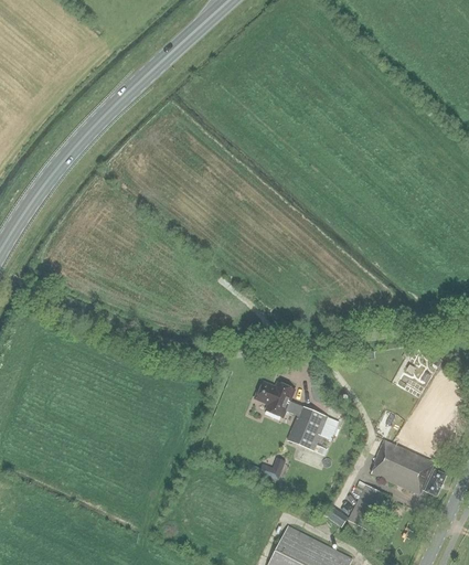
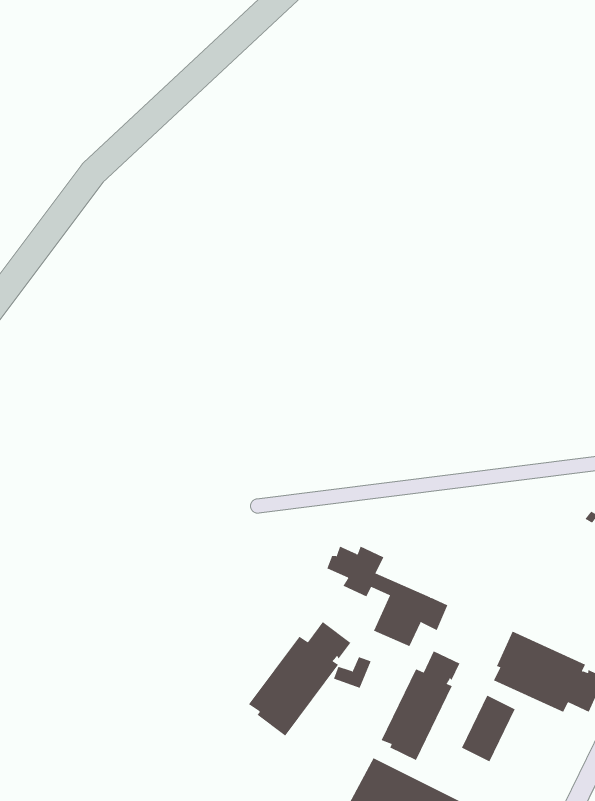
building: none -> [248,621,351,736]
building: none -> [381,650,460,761]

